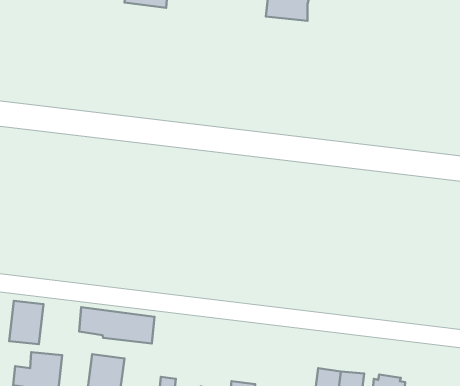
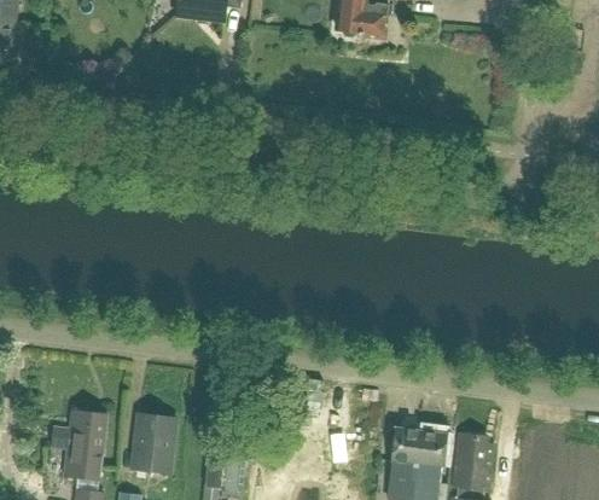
building: [9,301,43,344] -> none
building: [79,307,155,344] -> none

